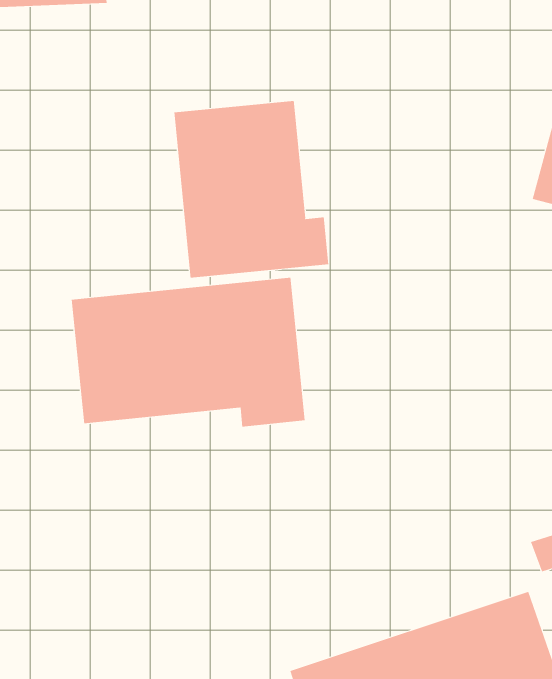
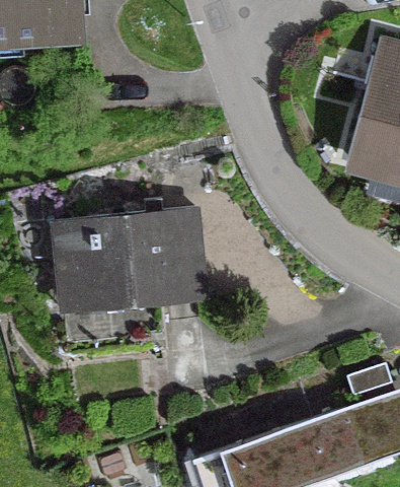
building: [174,100,329,279] -> none

